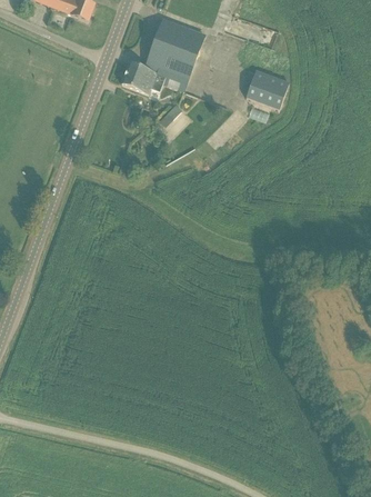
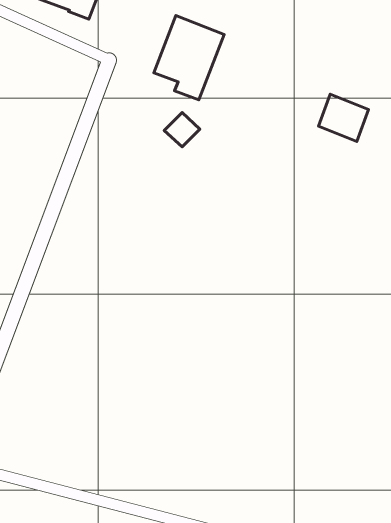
building: [120,61,164,92] -> none
building: [244,68,288,109] -> [319,94,368,141]

